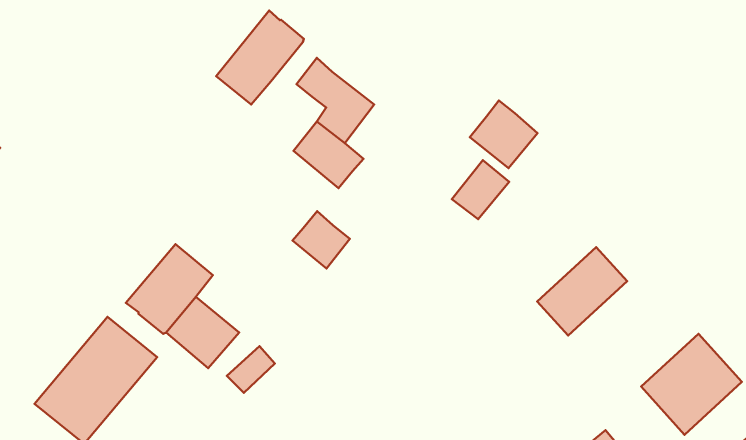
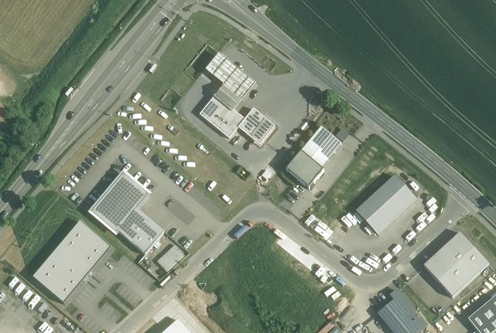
building: [216,11,304,104] -> none
building: [470,101,537,168] -> none
building: none -> [285,145,324,183]
building: [292,211,350,268] -> [237,108,274,145]

